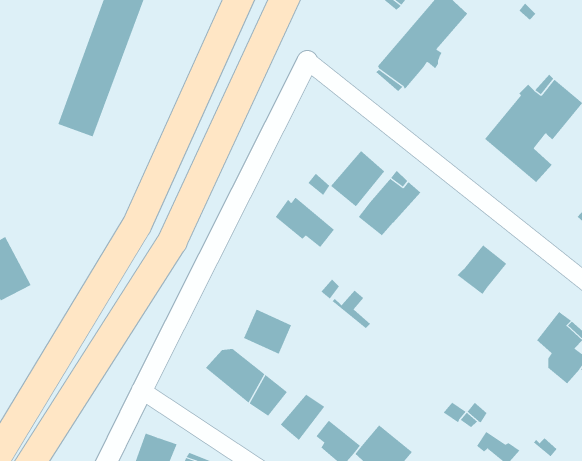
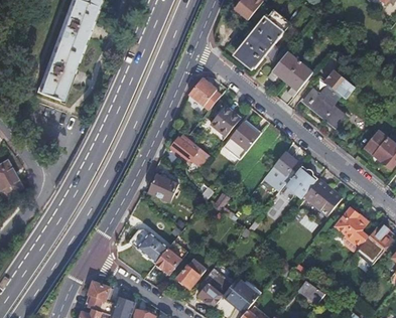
building: none -> [269,51,314,96]
building: none -> [191,81,220,110]
building: none -> [264,151,296,188]
building: none -> [302,177,342,213]
building: [243,309,292,354] -> [149,174,179,202]

